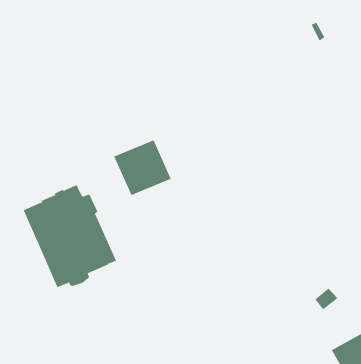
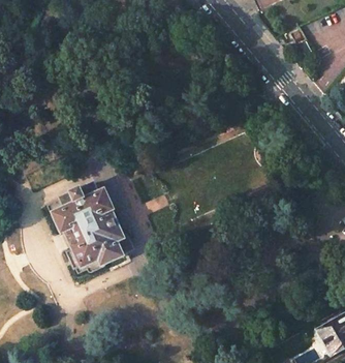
building: [114,139,171,196] -> none

